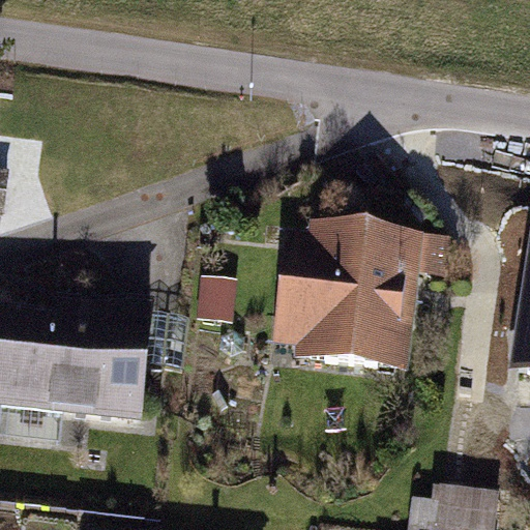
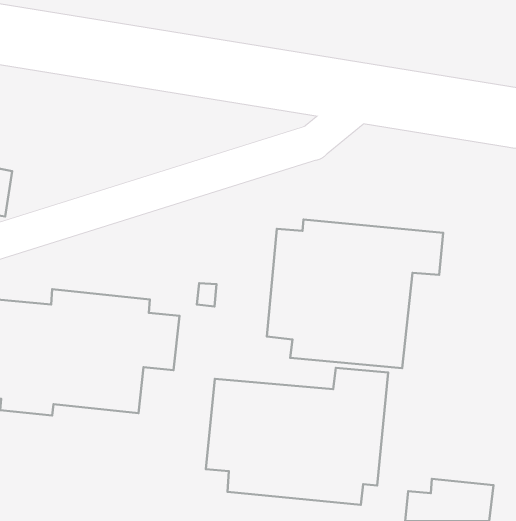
building: none -> [206,368,388,505]

